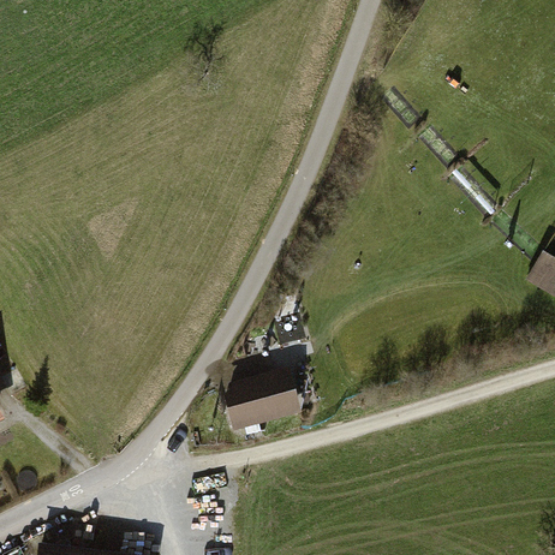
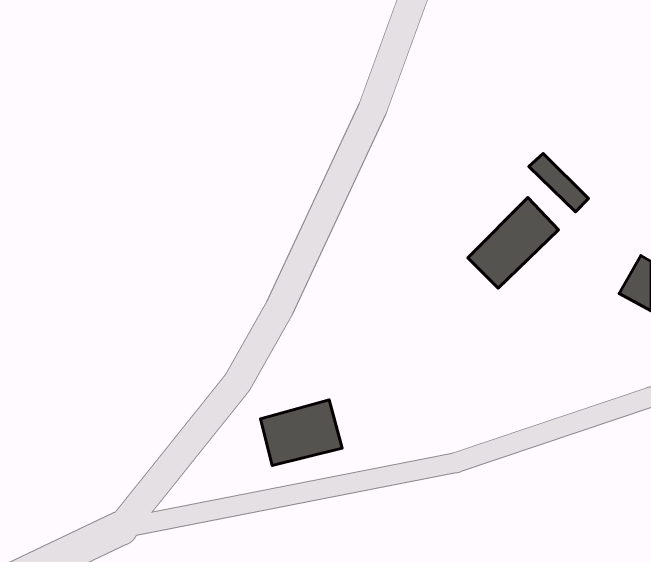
building: none -> [468,198,558,288]

